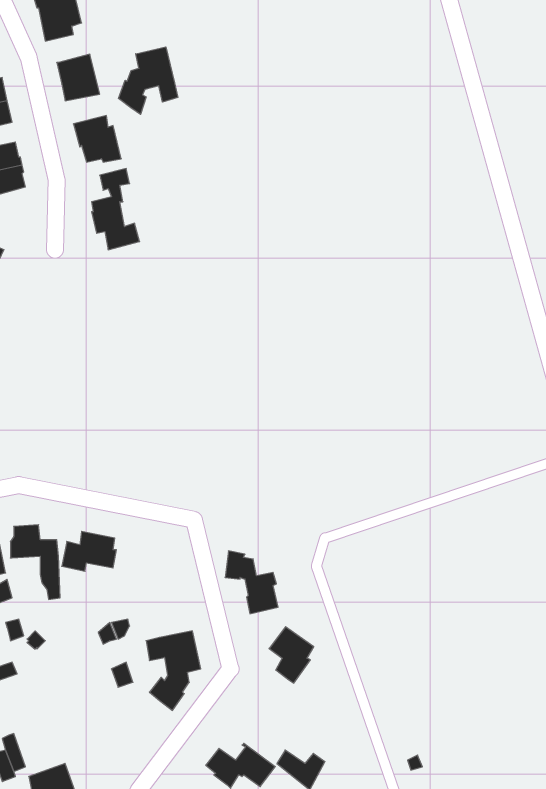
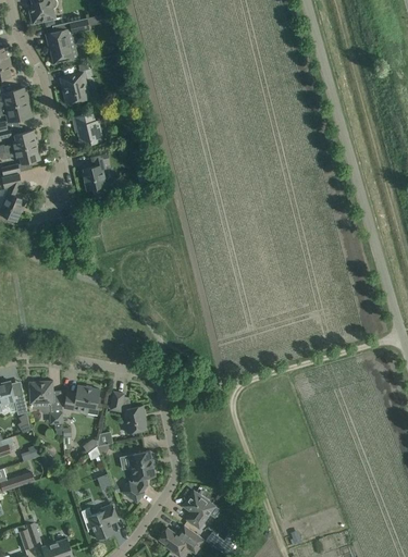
building: [118,47,178,114] -> none
building: [225,551,278,614] -> [110,392,145,433]
building: [269,627,314,683] -> [182,491,211,528]
building: none -> [79,504,116,539]

